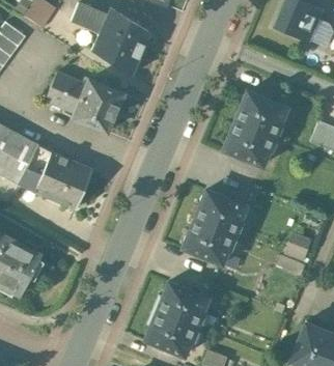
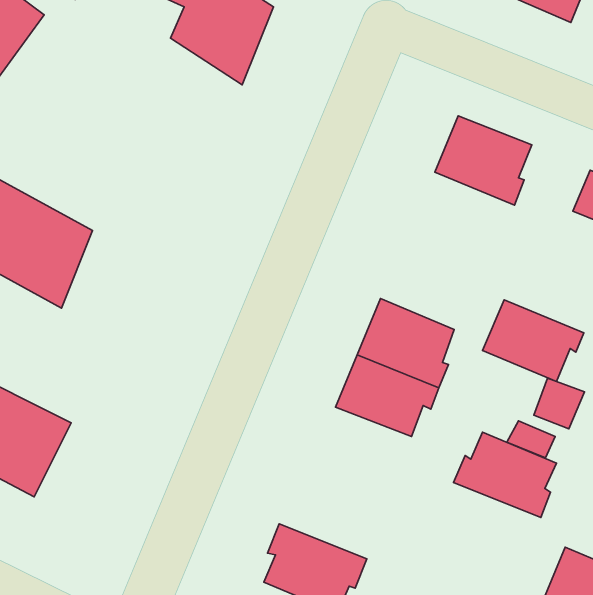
building: [46,72,124,133] -> none
building: [223,121,277,165] -> [483,300,584,381]
building: [35,152,92,209] -> none
building: [151,282,206,328] -> [453,432,556,518]

